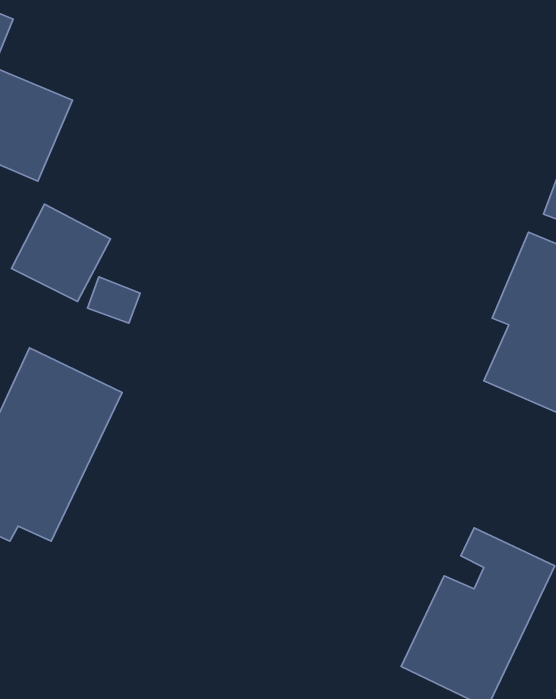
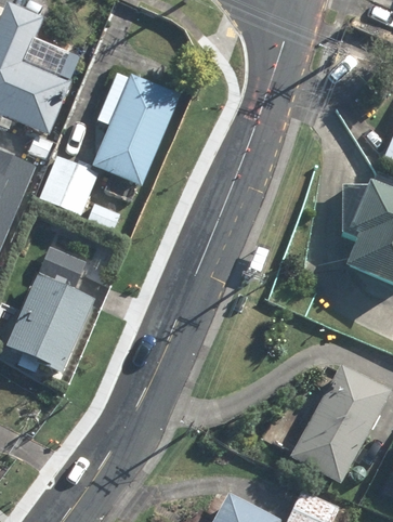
building: none -> [92,67,179,185]

